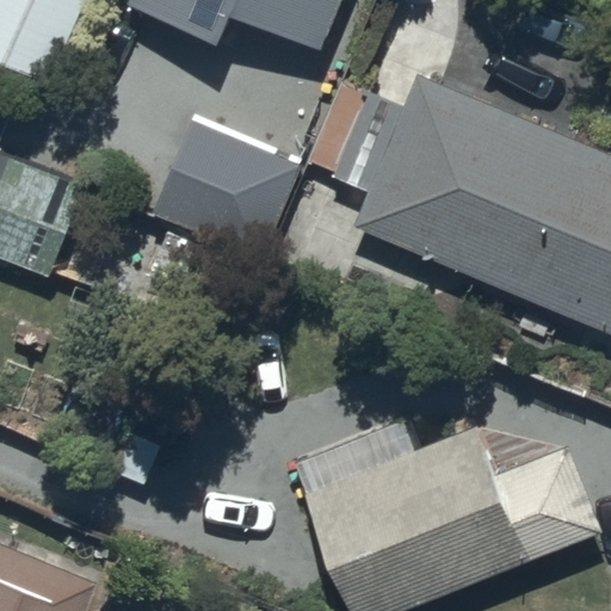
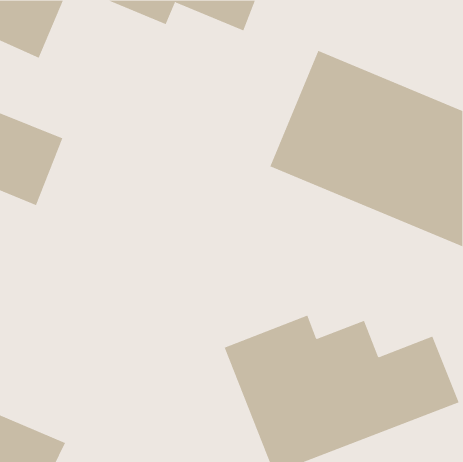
building: [152,118,300,257] -> none

